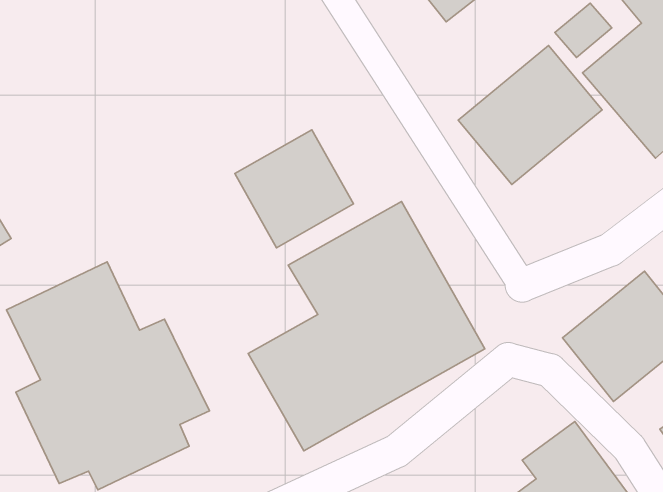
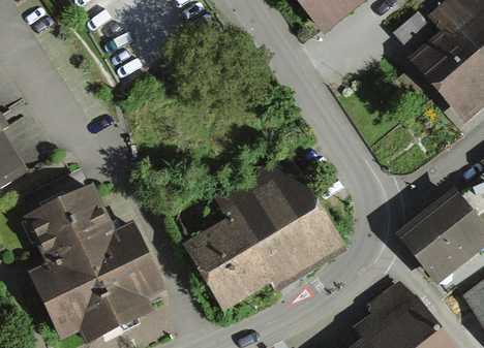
building: [458,46,602,184] -> none
building: [235,130,354,248] -> none

